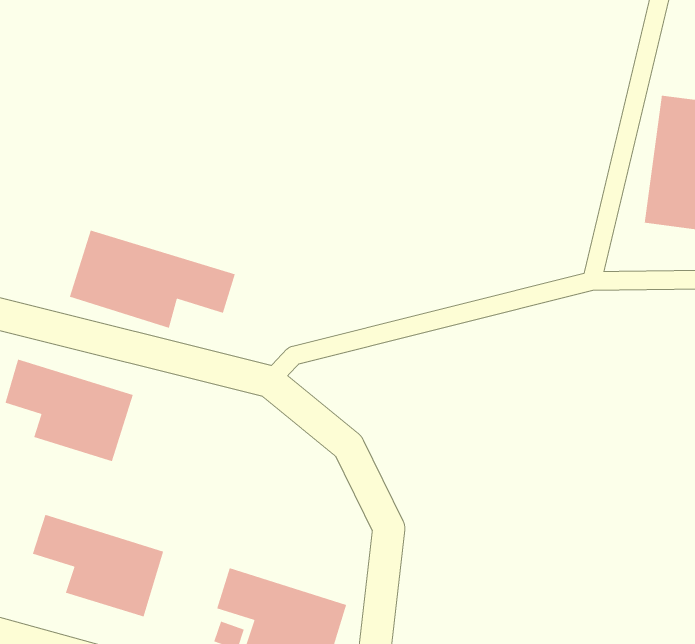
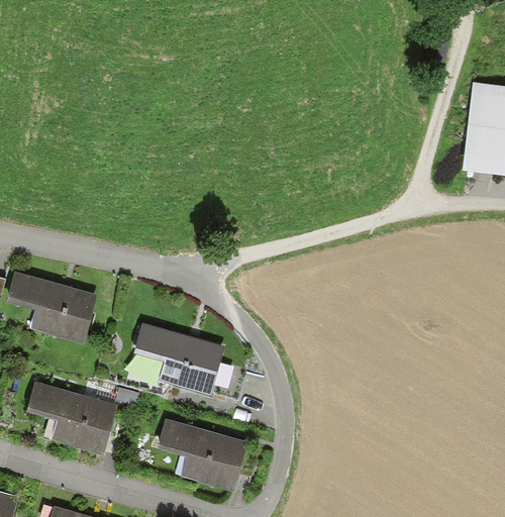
building: [69,229,236,329] -> none
building: none -> [136,322,228,395]

